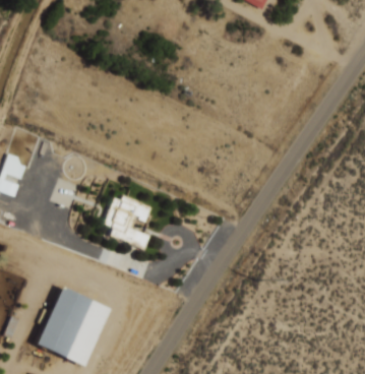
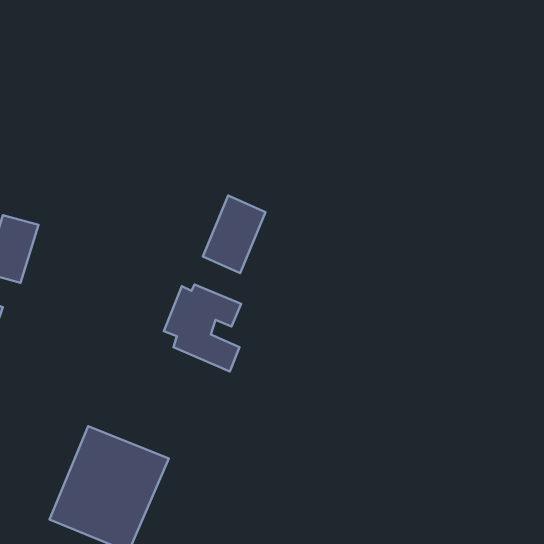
building: none -> [203,196,266,273]

